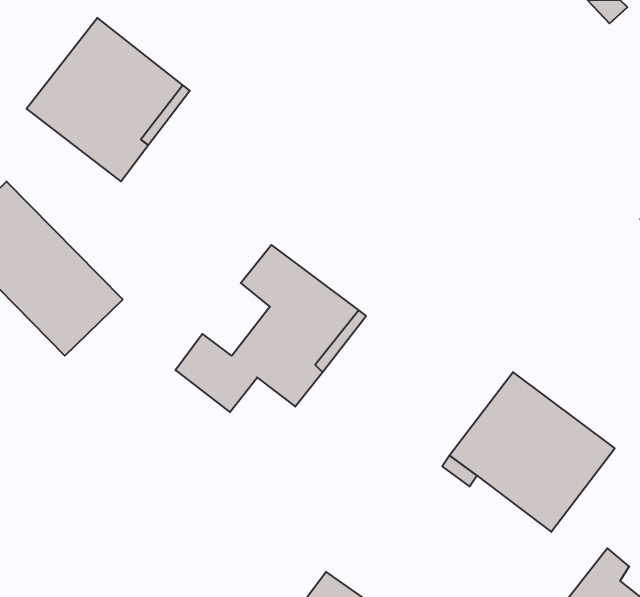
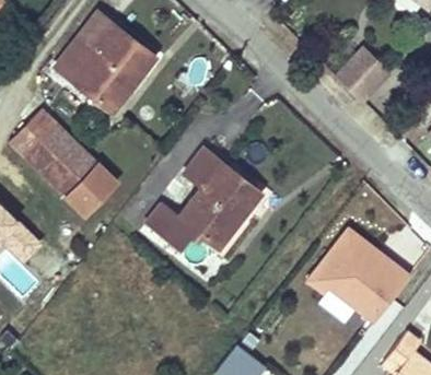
building: none -> [336,46,391,101]

